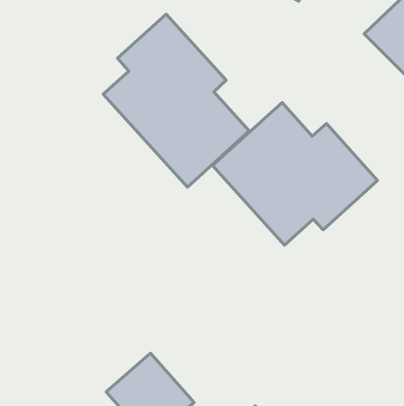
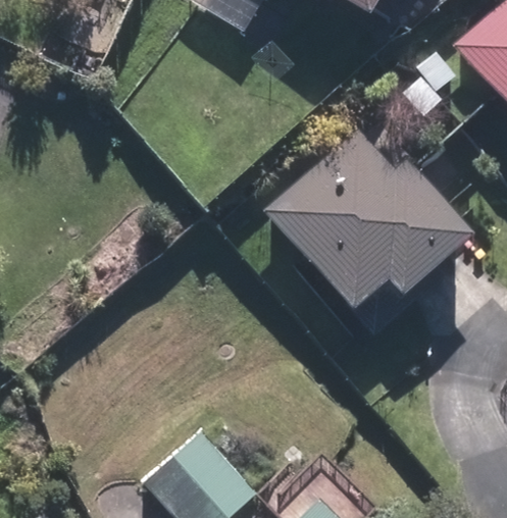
building: [103,14,249,187] -> none

